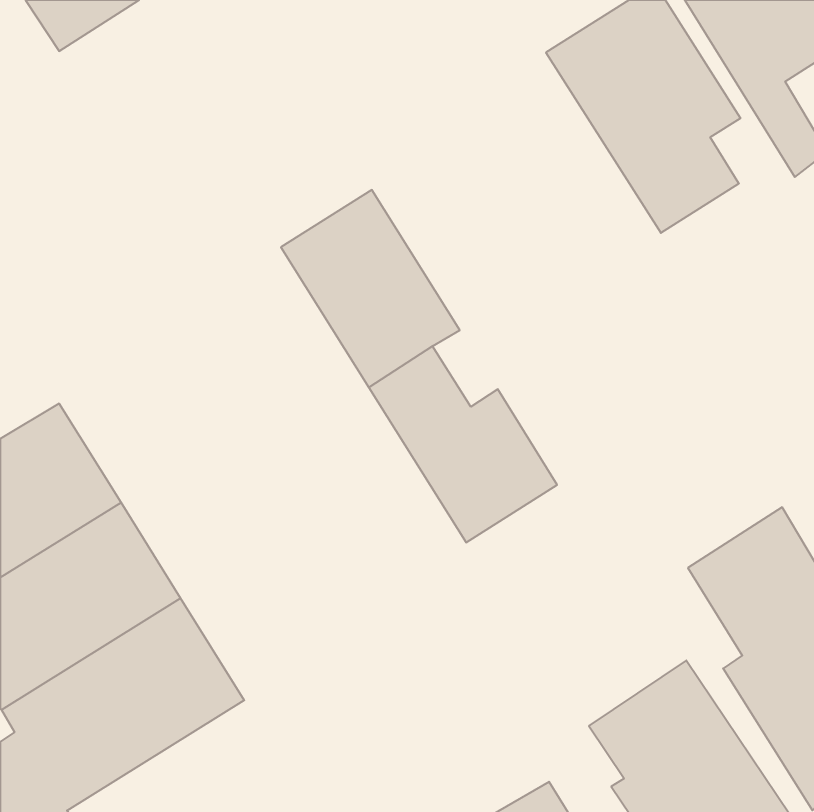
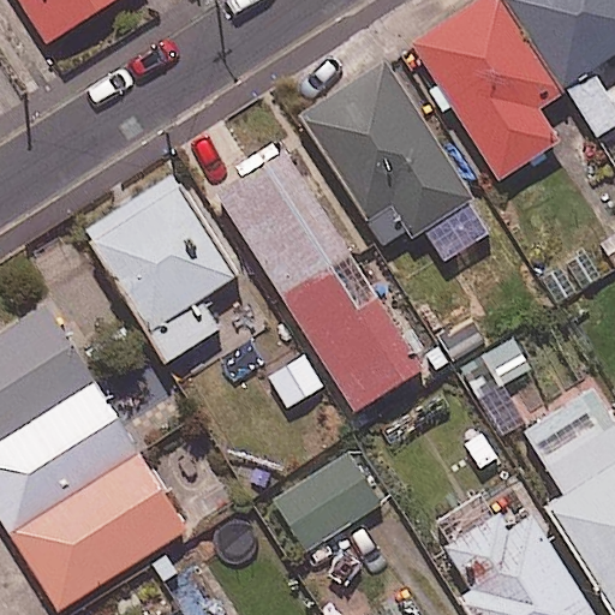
building: none -> [301,62,472,251]
building: none -> [85,173,235,360]
building: none -> [273,452,381,551]

